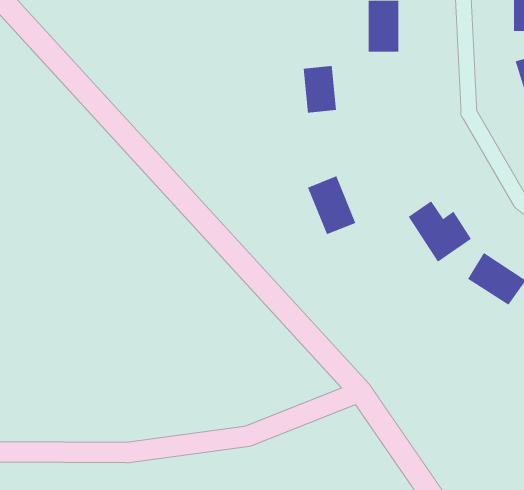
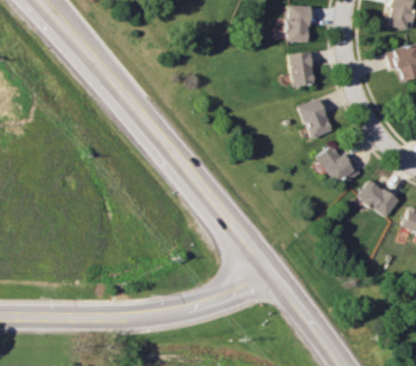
building: [303,66,337,113] -> [289,54,313,86]
building: [307,176,356,235] -> [297,99,331,139]

